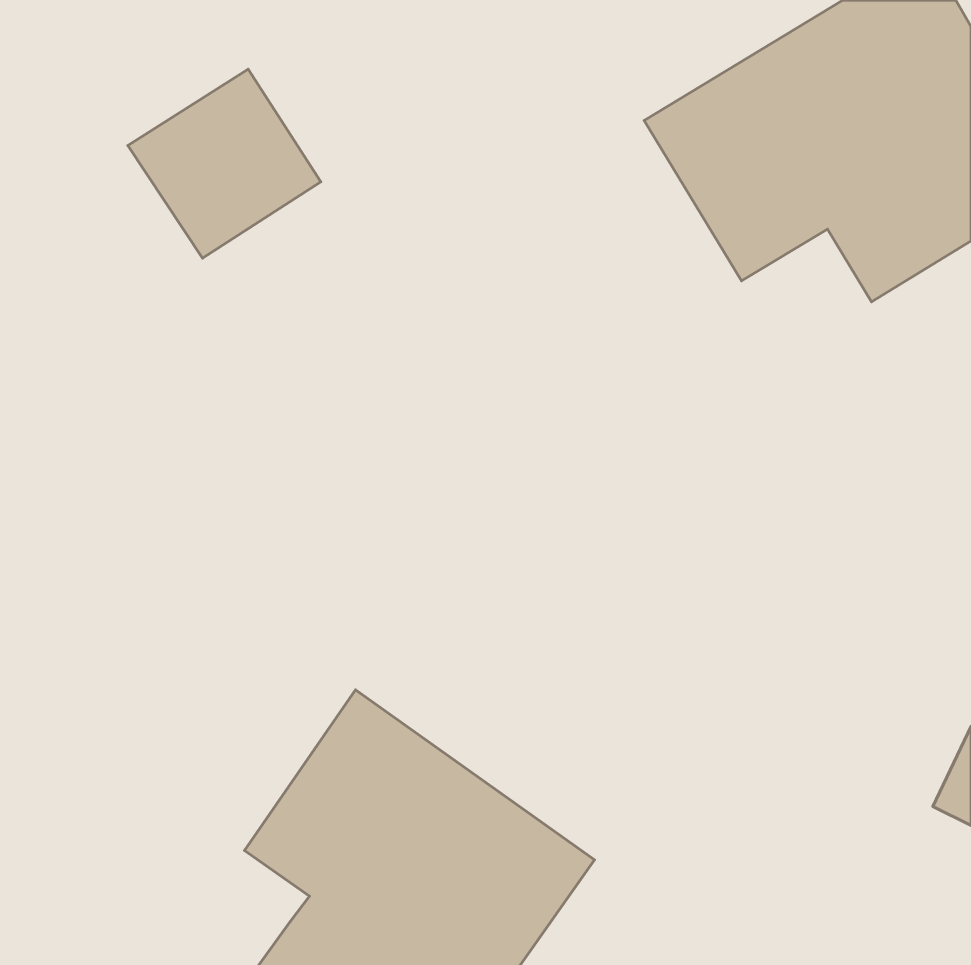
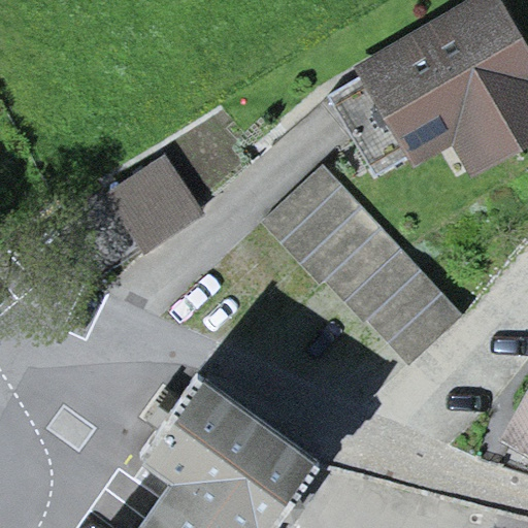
building: [128,69,321,258] -> [101,152,205,254]
building: none -> [264,165,466,367]

